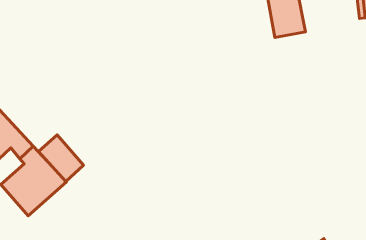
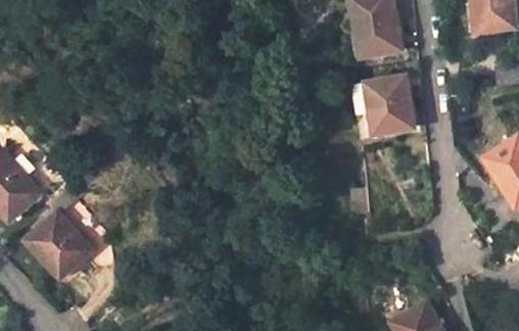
building: none -> [352,80,414,134]
building: [39,135,84,181] -> none

